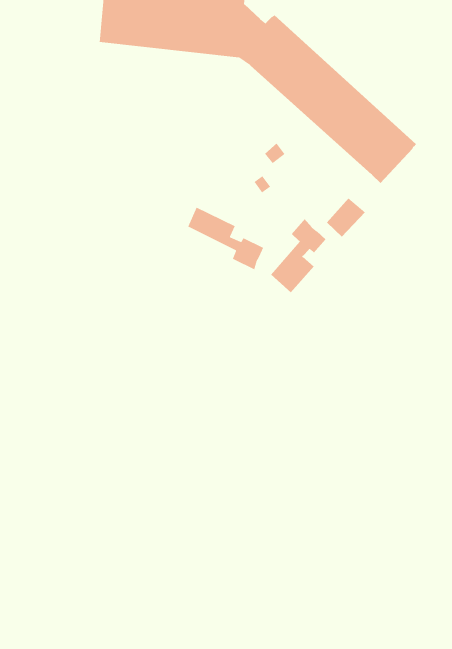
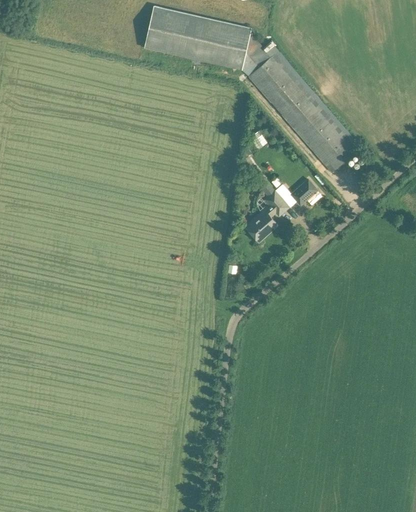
building: [187,206,264,271] -> none

